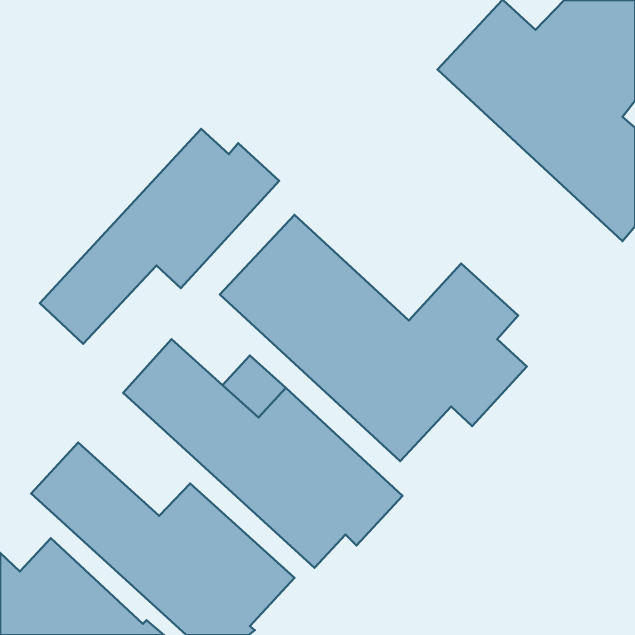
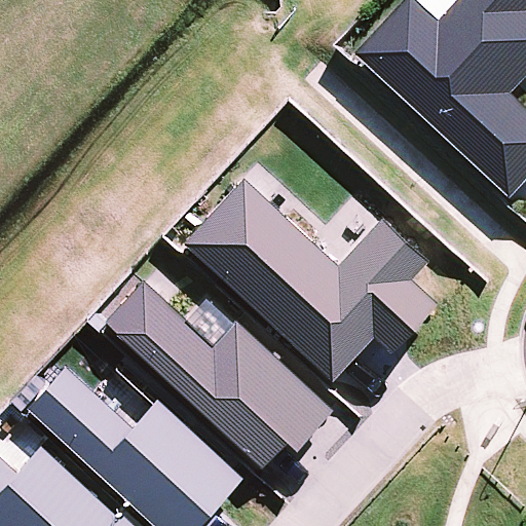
building: [40,129,279,344] -> none

